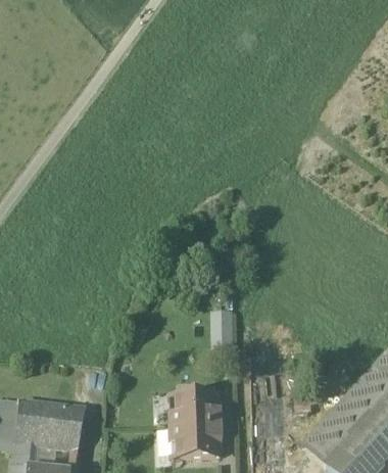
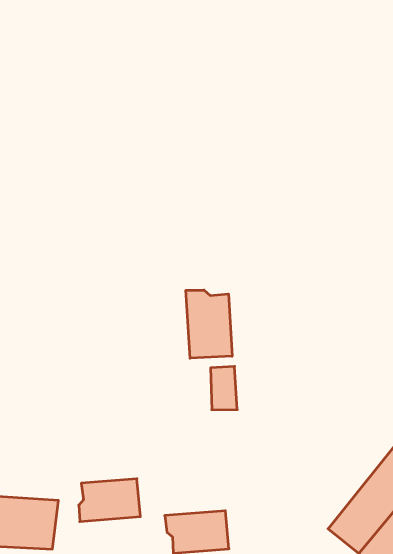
building: none -> [186,290,232,358]
building: [171,392,220,424] -> [79,479,140,522]

